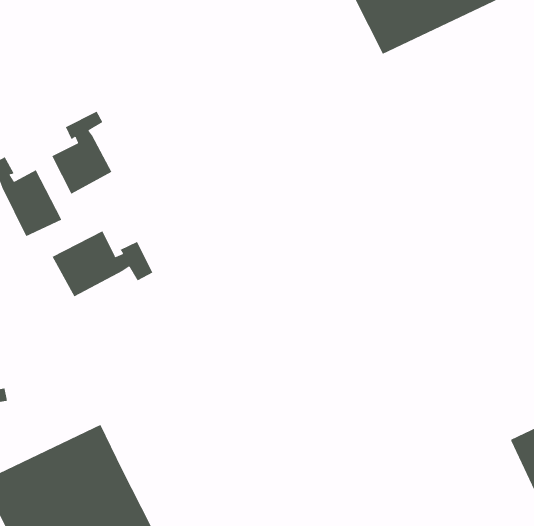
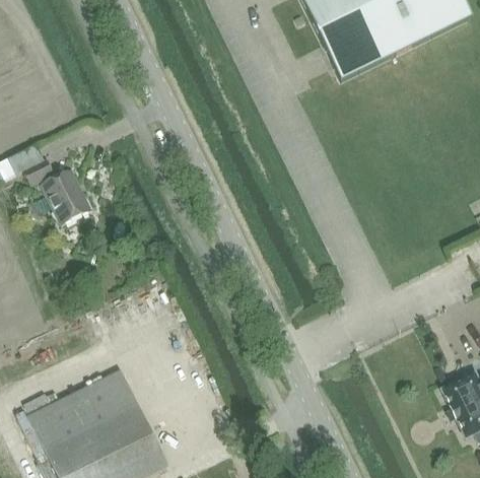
building: [52,111,112,194] -> none
building: [52,231,153,297] -> none

